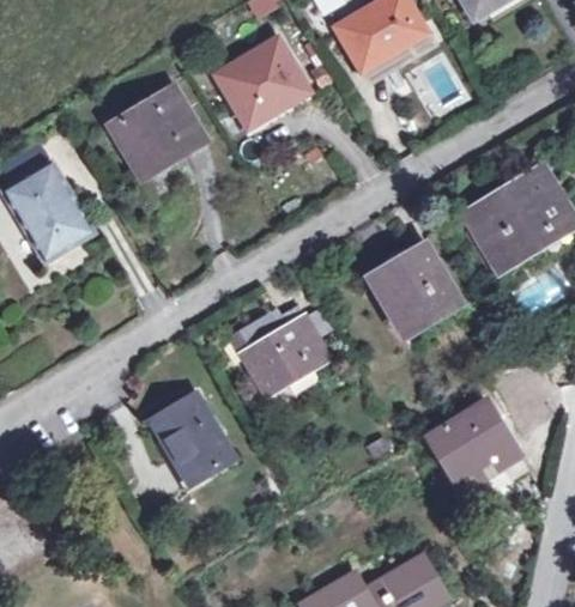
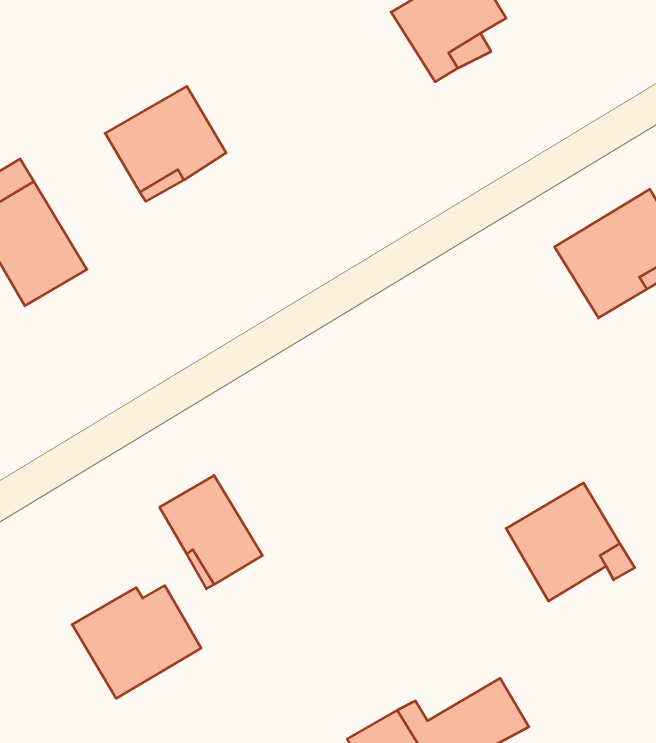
building: [217,40,309,128] -> none
building: [374,249,454,332] -> none
building: [232,309,328,394] -> none
building: none -> [72,586,201,698]

